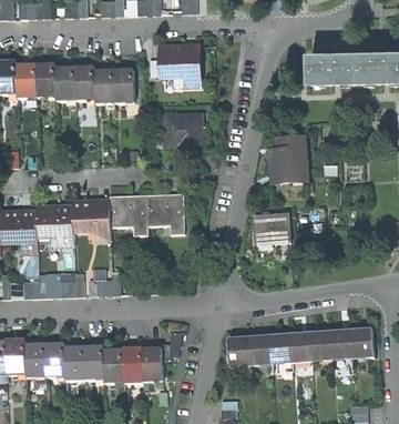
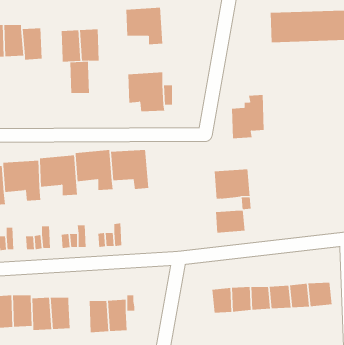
building: [73,67,94,100] -> [69,61,90,93]
building: none -> [216,210,245,233]
building: [226,337,250,367] -> none
building: [102,349,123,383] -> none

